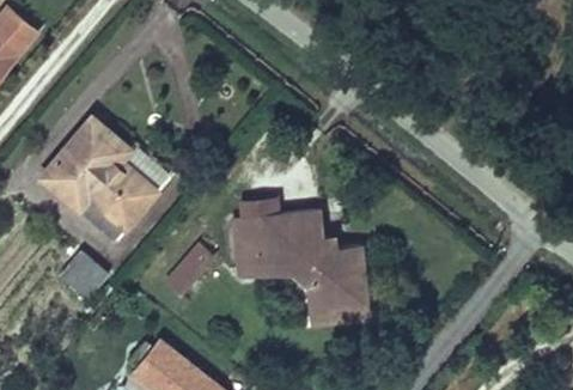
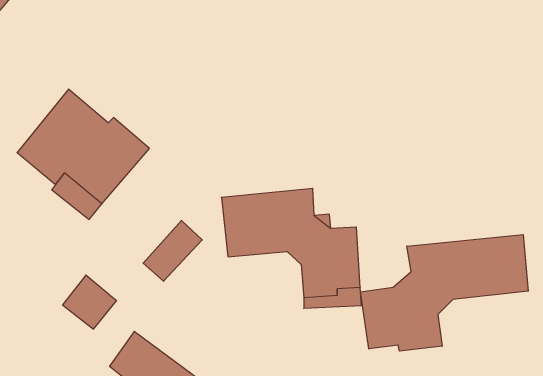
building: [60,249,110,299] -> [63,275,117,329]
building: none -> [361,235,528,351]

